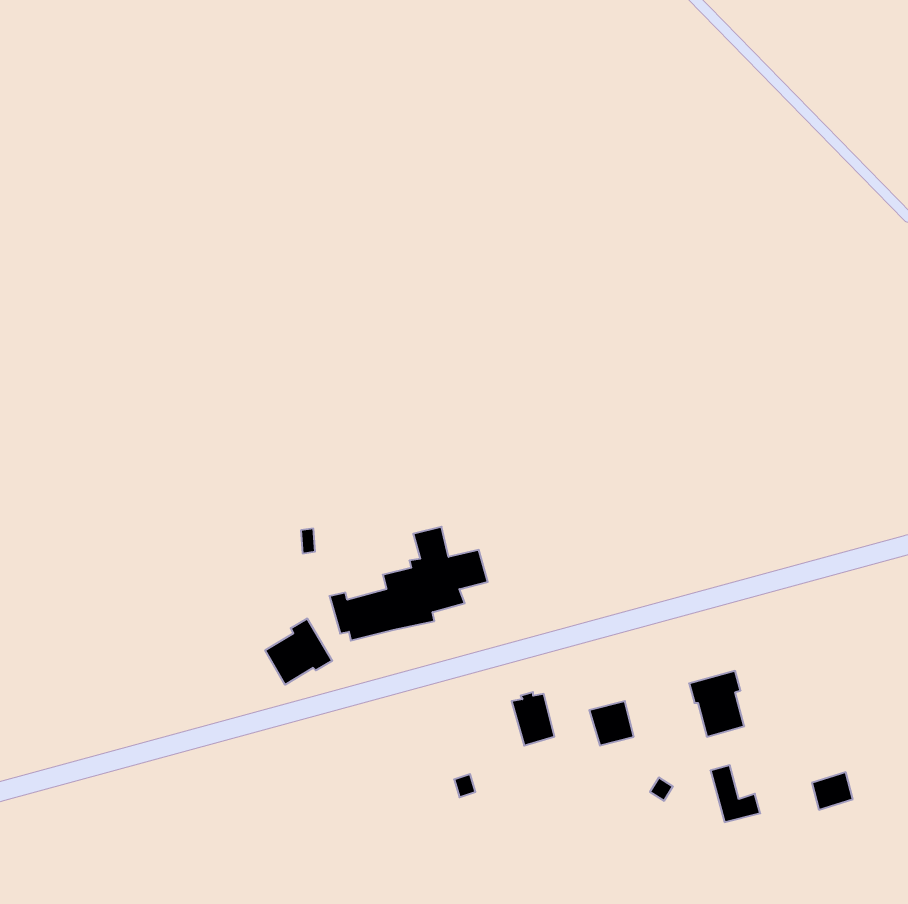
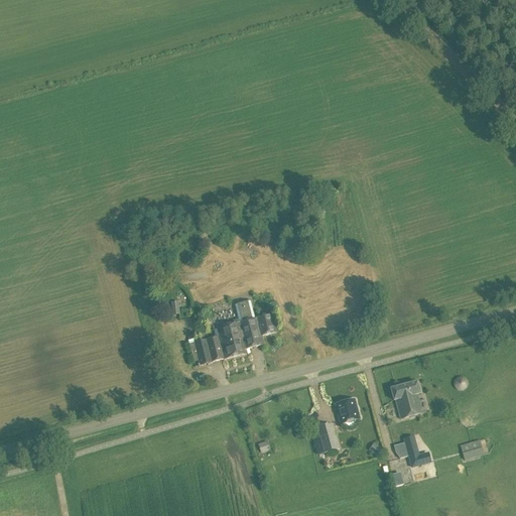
building: [265,618,332,685] -> none
building: [512,692,554,746] -> [314,421,339,452]

